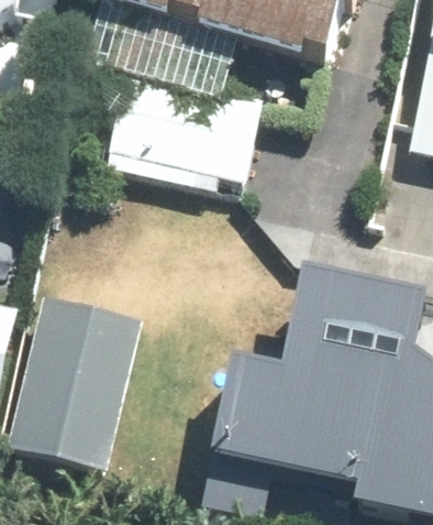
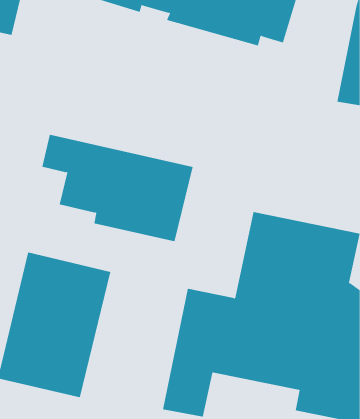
building: [89,73,263,196] -> [42,134,193,242]

